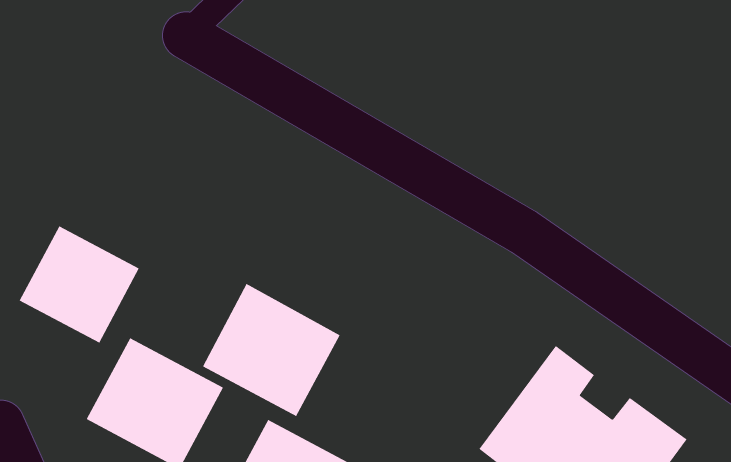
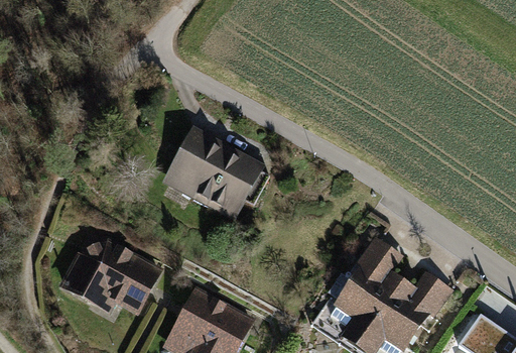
building: [19,225,140,344] -> none
building: [202,283,340,417] -> [161,129,250,215]

